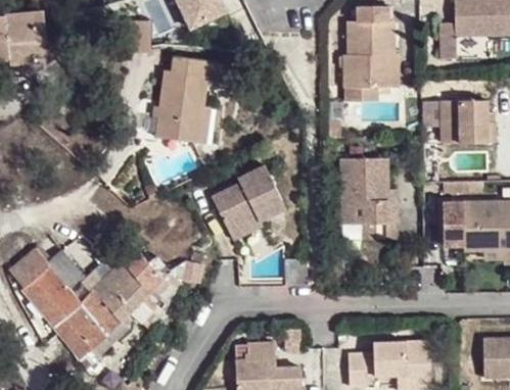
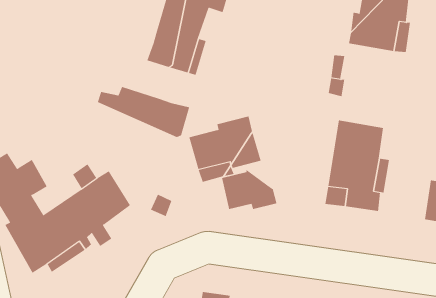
building: none -> [97,86,190,138]
building: none -> [222,168,277,210]

